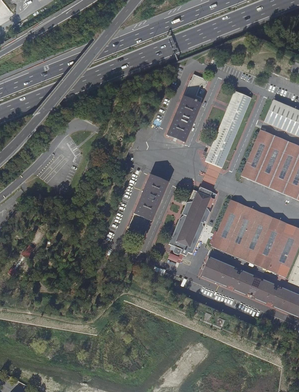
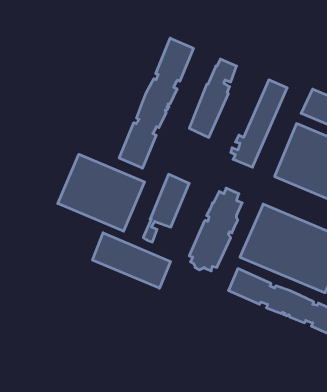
building: none -> [119,38,193,168]
building: none -> [58,154,145,231]
building: none -> [93,233,171,288]

